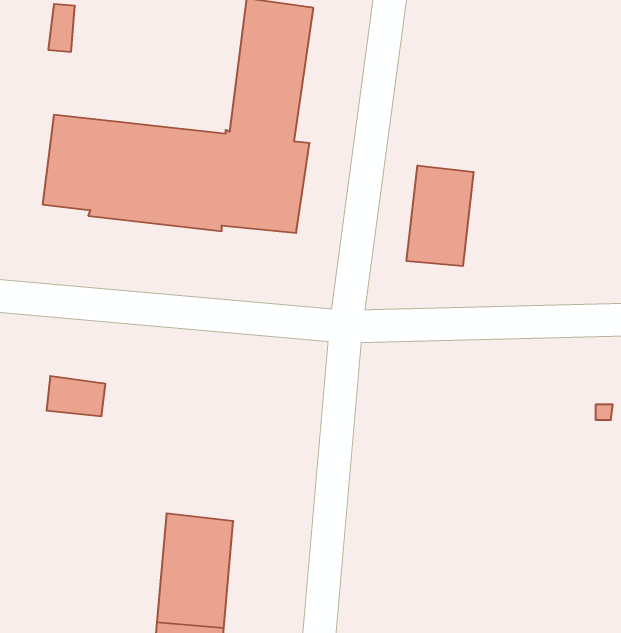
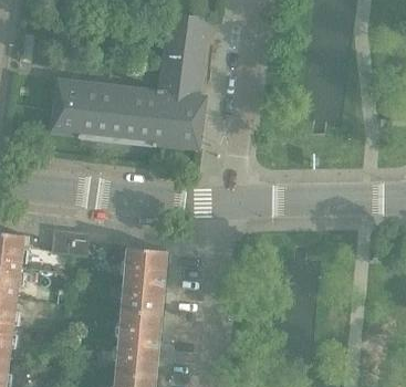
building: [407,165,474,266] -> none
building: none -> [122,247,166,315]

